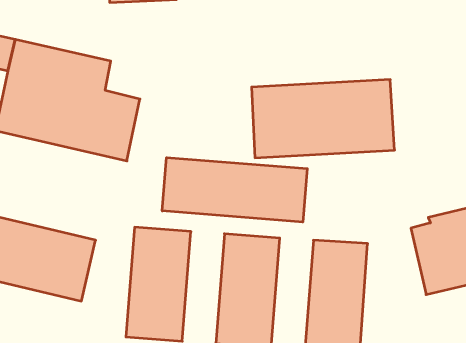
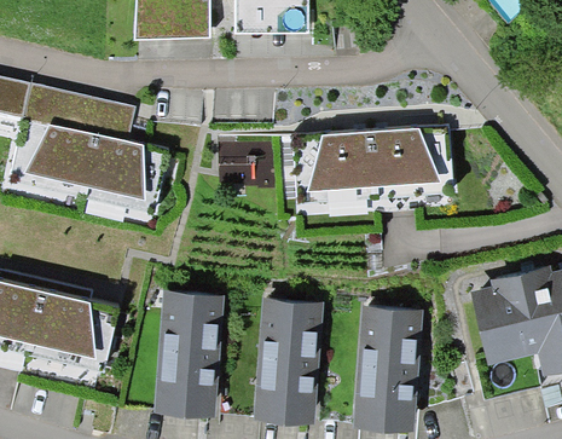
building: [162,158,307,222] -> none

